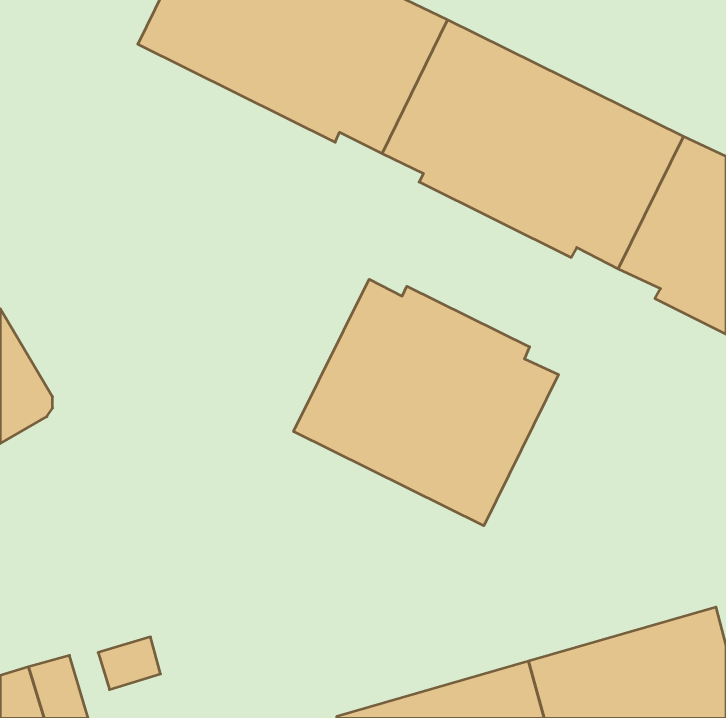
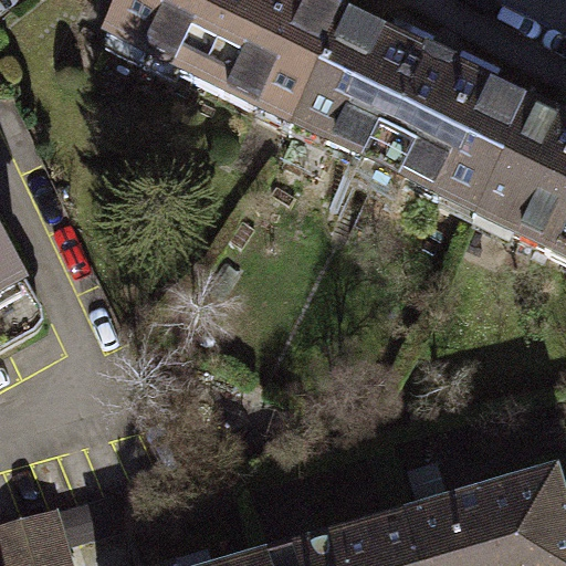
building: [294,279,558,526] -> none

